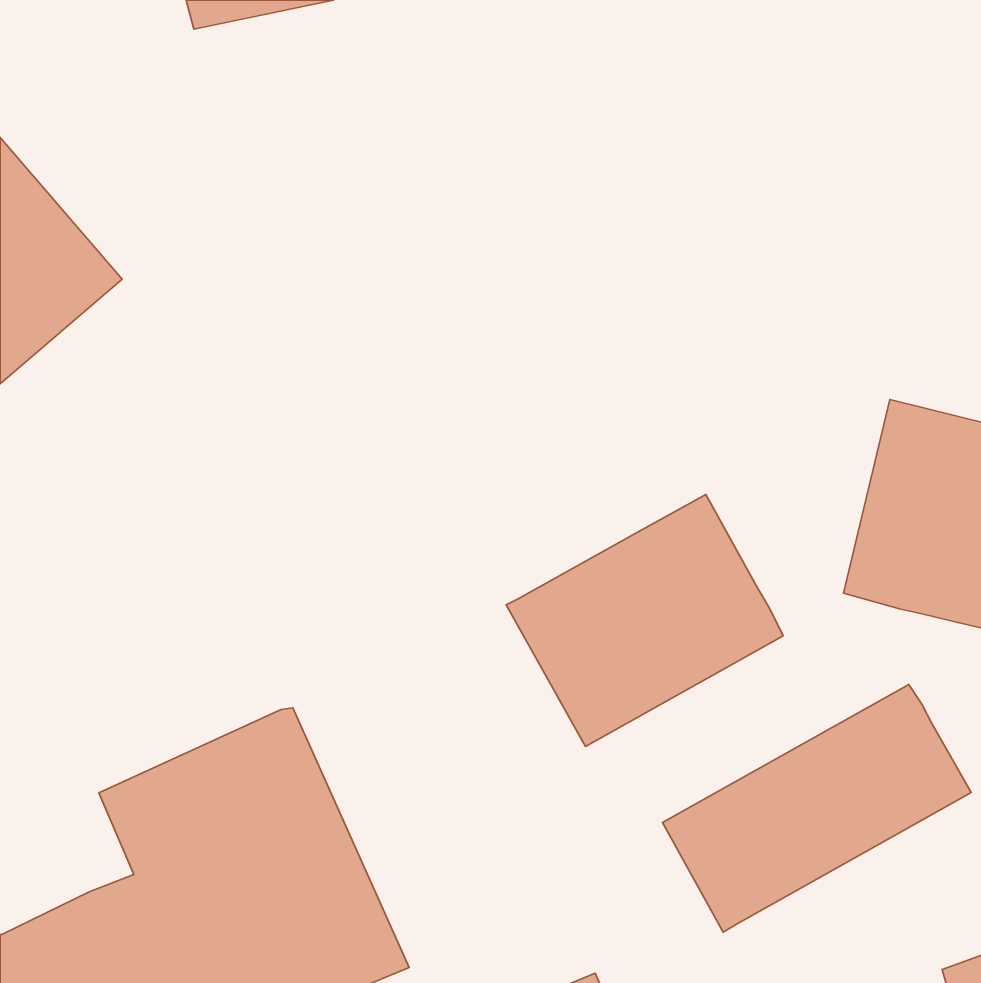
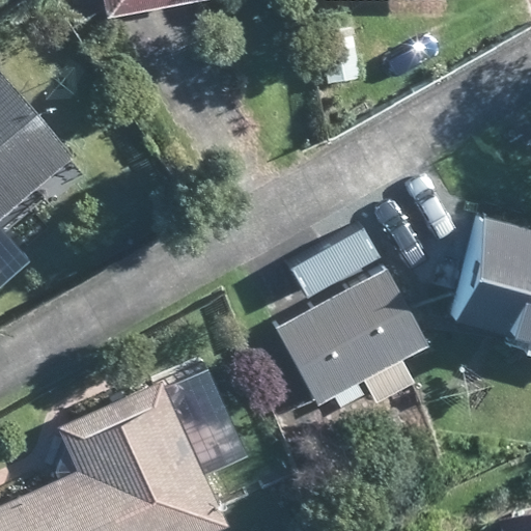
building: [662,685,971,932] -> none

